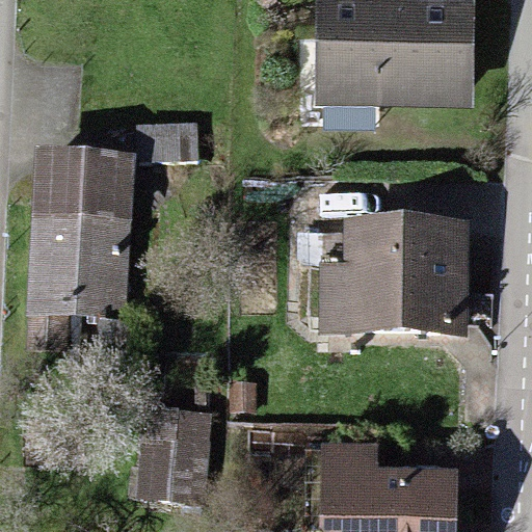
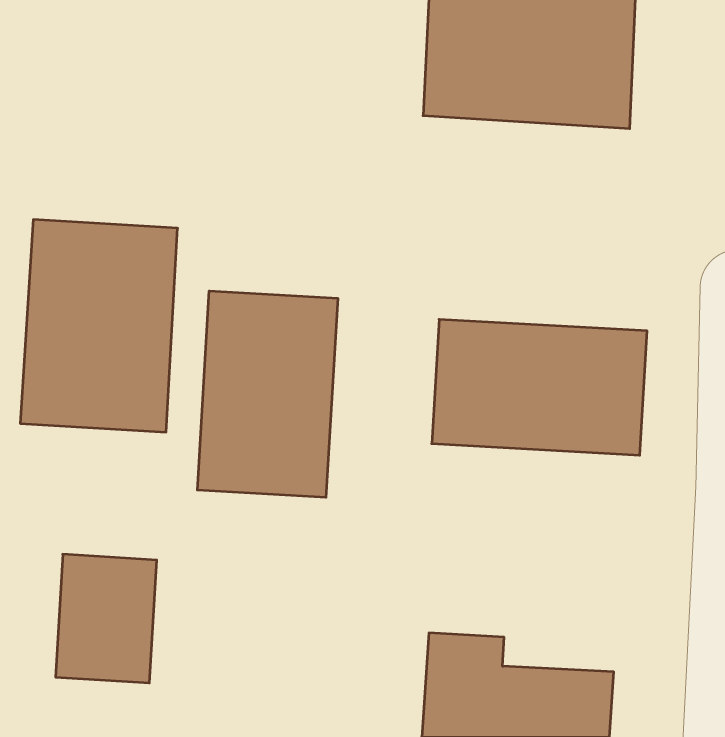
building: none -> [197,291,338,497]
building: [136,419,209,511] -> [56,554,157,683]

